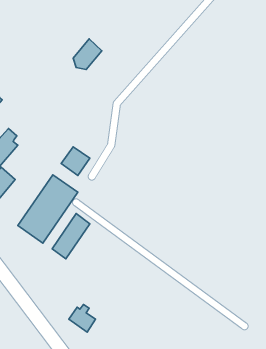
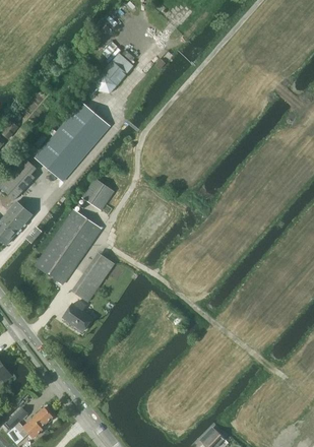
building: none -> [35,102,110,181]
building: [69,304,96,332] -> [63,301,92,331]

